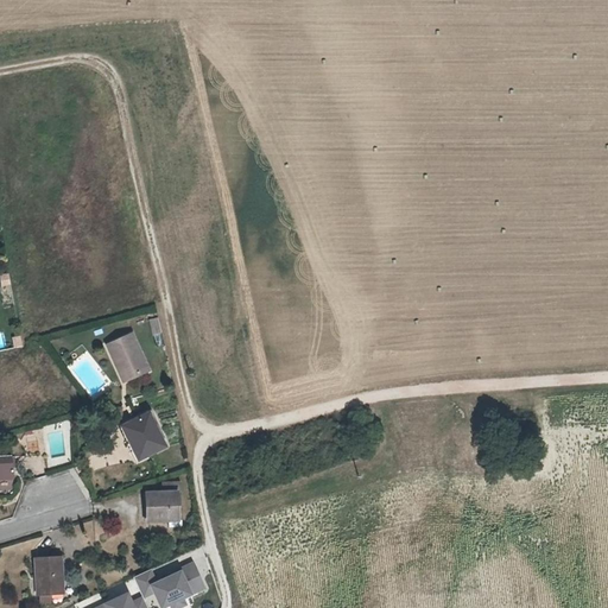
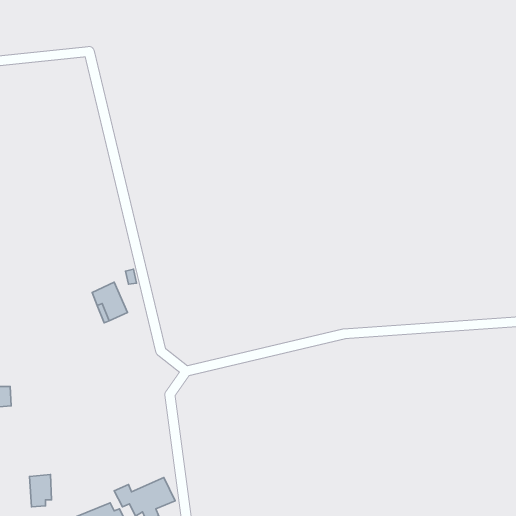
building: [126,413,164,460] -> none
building: [147,481,180,522] -> none

